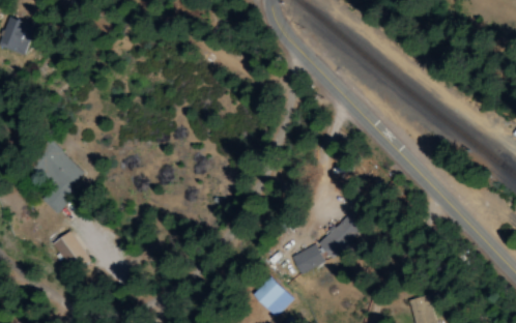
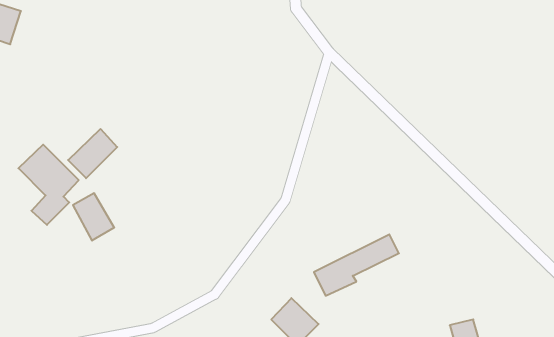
building: none -> [68,129,117,178]
building: [54,232,90,273] -> [73,193,114,241]

